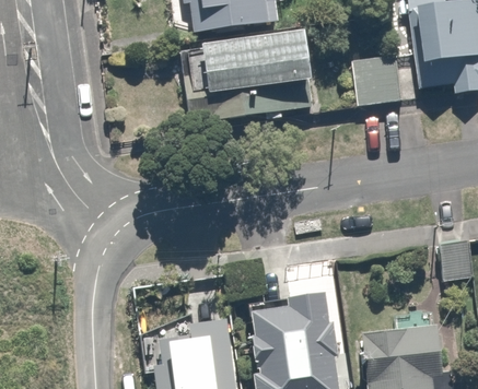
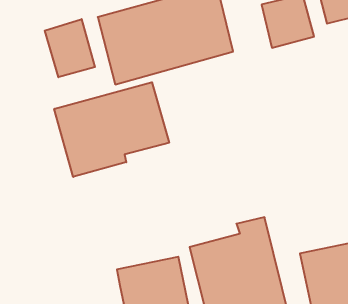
building: none -> [45,19,95,77]
building: none -> [54,82,169,177]

